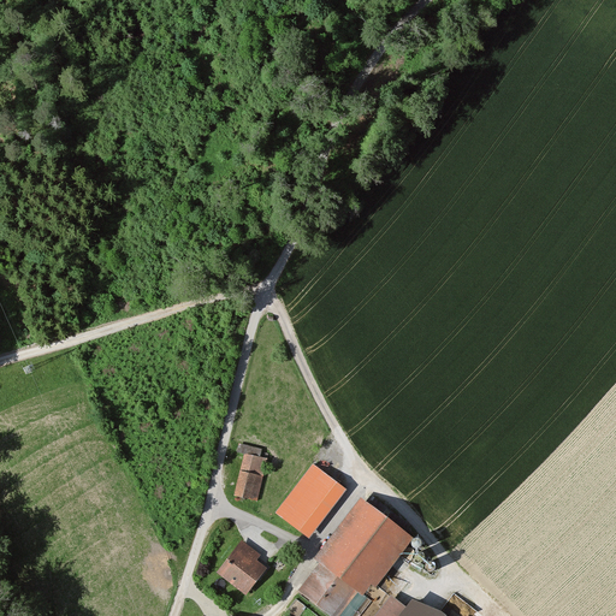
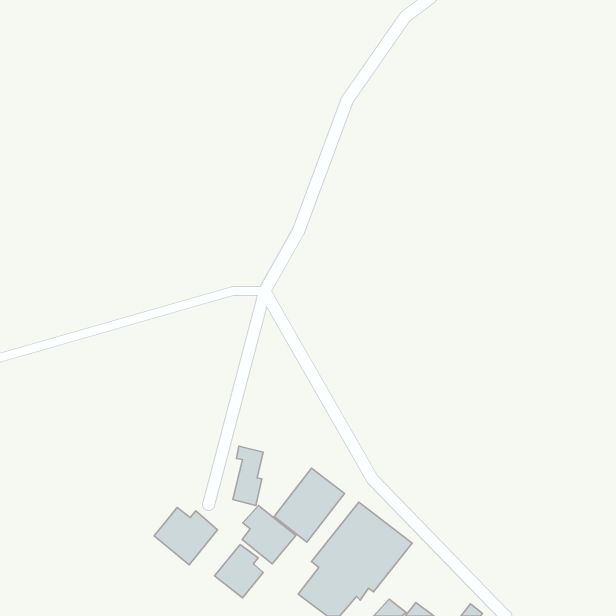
building: none -> [242,505,296,564]
building: none -> [154,508,217,565]

